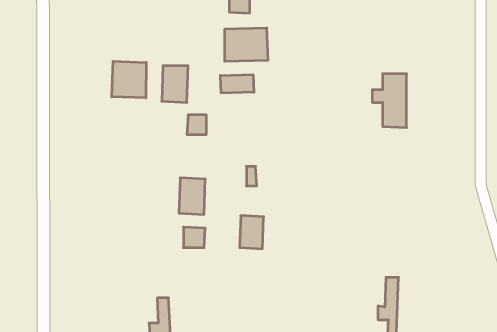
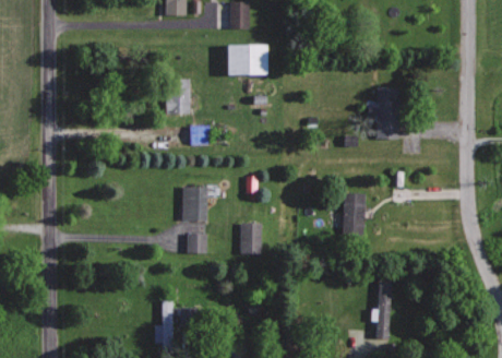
building: [112,61,146,98] -> none
building: [220,75,254,93] -> none
building: none -> [343,193,366,238]

